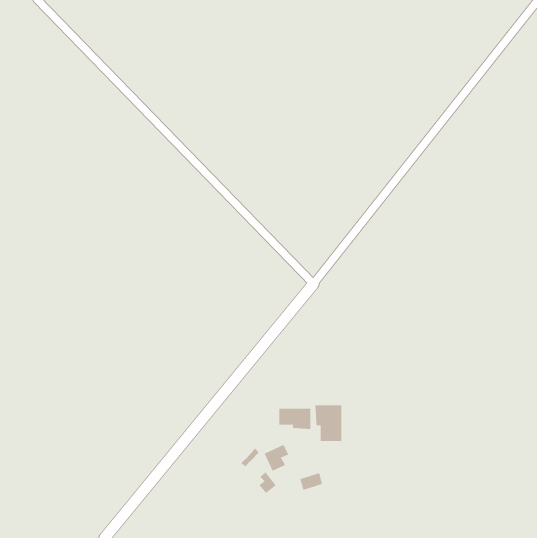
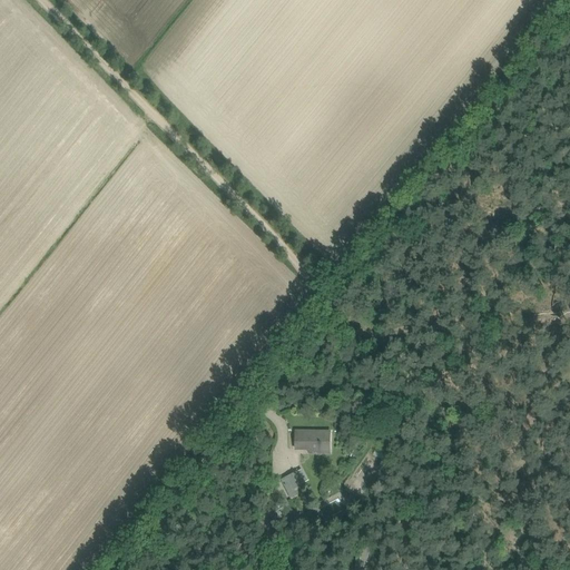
building: [315,405,342,442] -> none

